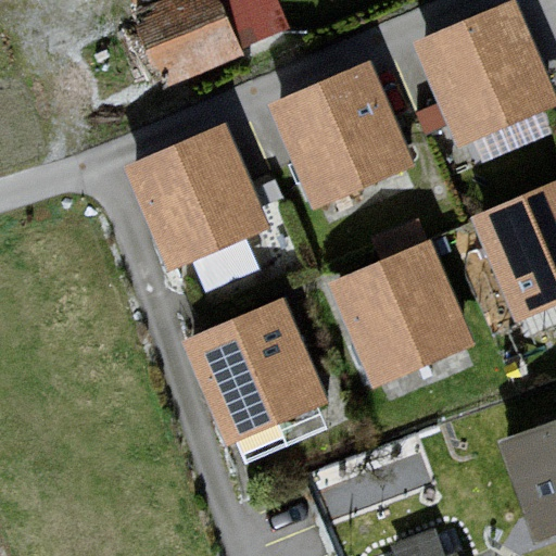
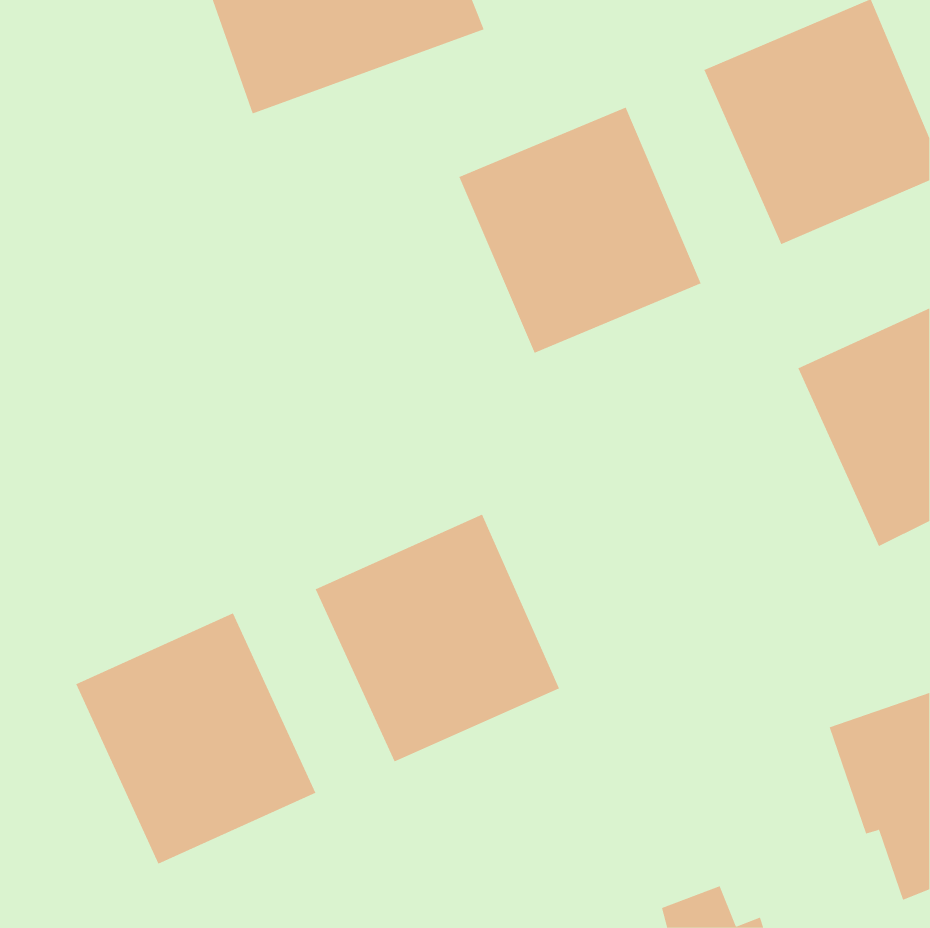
building: [124,124,271,275] -> none
building: [332,241,477,389] -> none
building: none -> [75,613,316,864]

